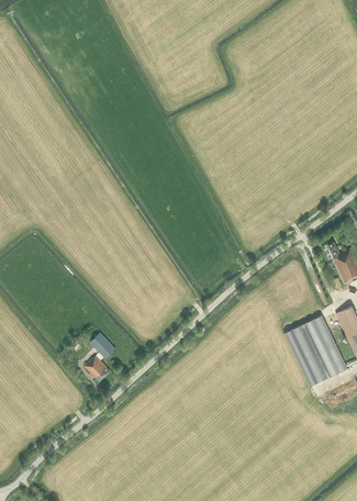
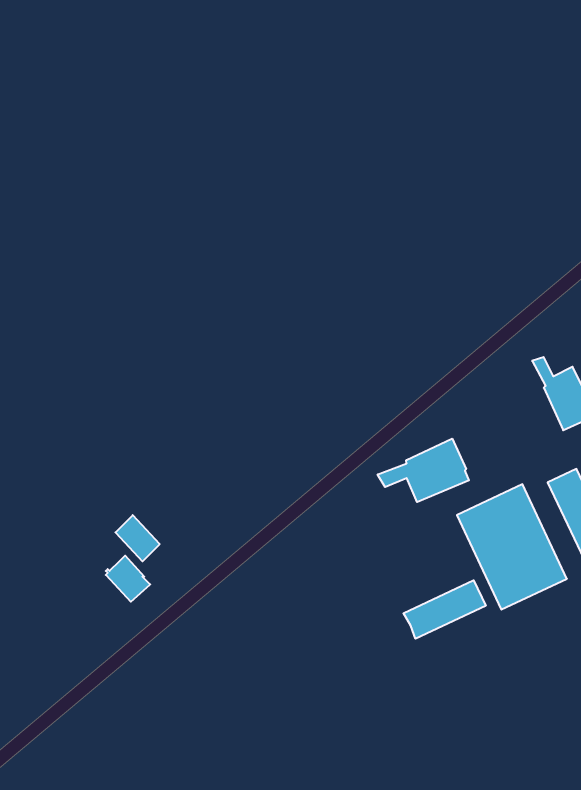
building: none -> [378,439,469,502]
building: none -> [403,580,486,639]

